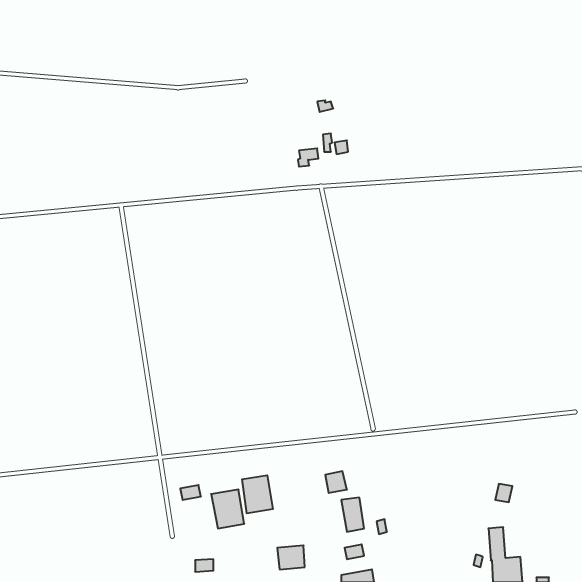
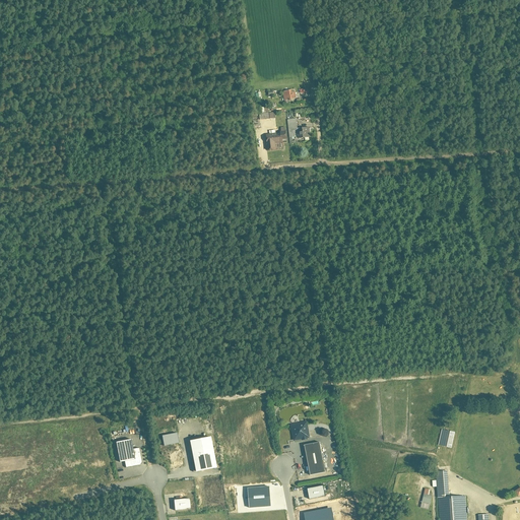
building: [242,475,273,513] -> none
building: none -> [117,439,142,466]

